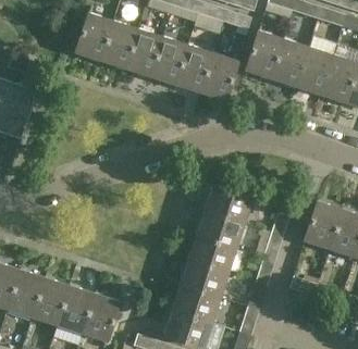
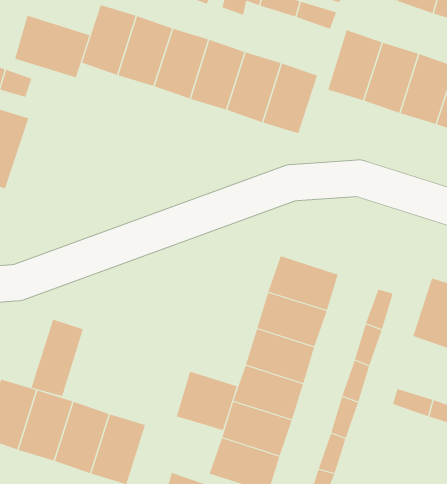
building: none -> [15,15,90,78]
building: none -> [31,319,84,397]
building: none -> [176,371,238,431]

